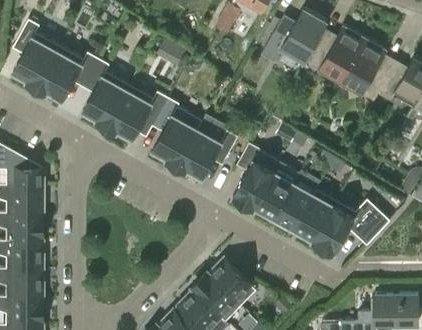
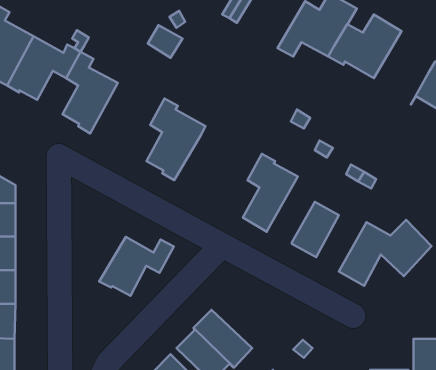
building: [341,42,387,103] -> none
building: [105,85,167,139] -> none
building: [175,129,237,178] -> [99,237,174,296]
building: [253,163,298,218] -> none
building: [293,190,335,242] -> none
building: [206,259,255,306] -> none

